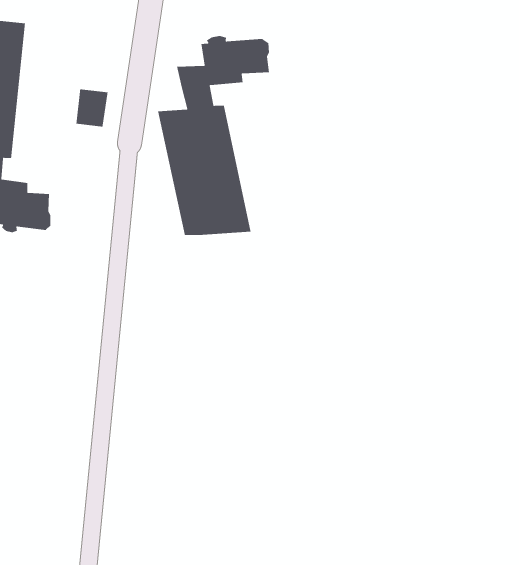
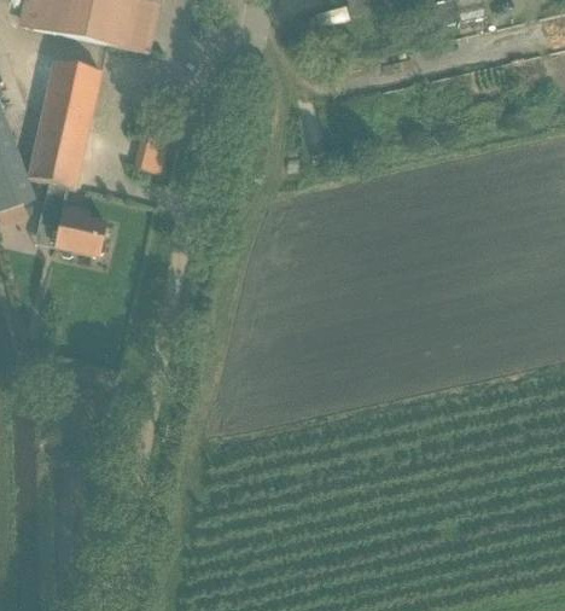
building: [157,35,270,236] -> none

